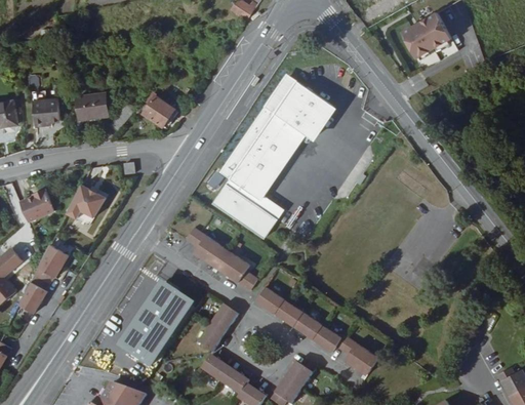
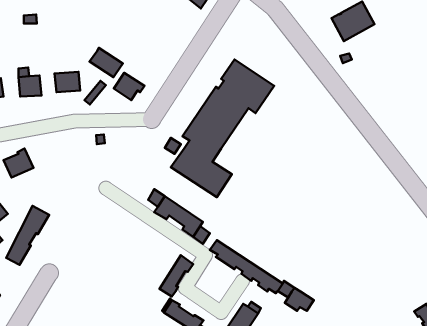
building: none -> [90,48,123,77]
building: [68,188,107,222] -> none
building: [112,274,192,364] -> none

